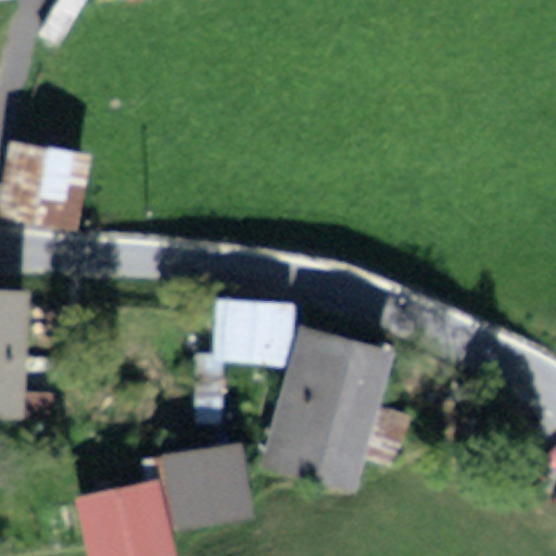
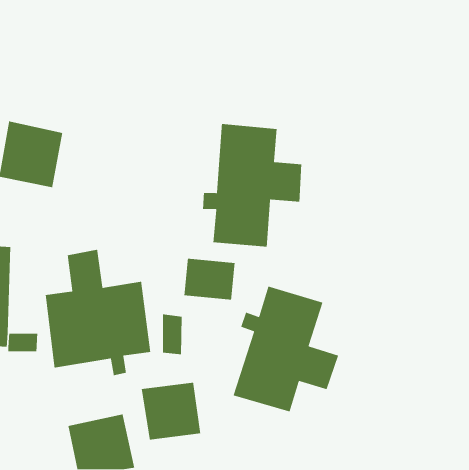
building: none -> [202,123,302,247]
building: none -> [45,249,151,376]

